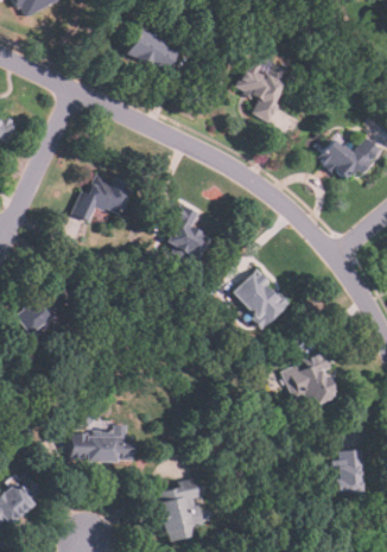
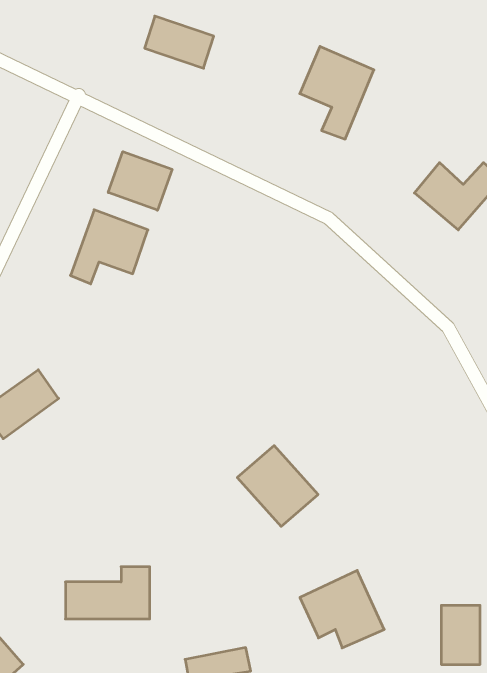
building: none -> [108,152,172,210]
building: [166,208,209,258] -> none
building: [233,268,290,325] -> [237,446,318,526]
building: [283,353,342,407] -> [300,570,384,648]

